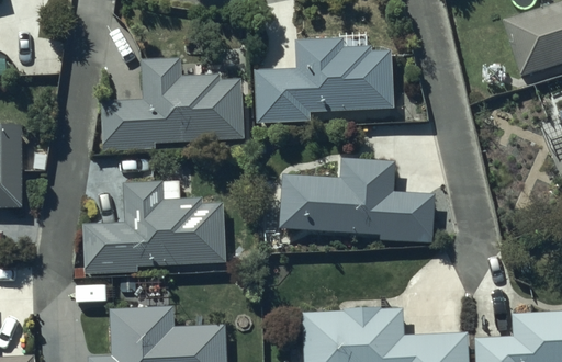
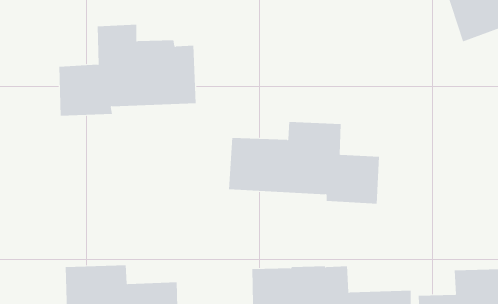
building: [255,37,393,123] -> none
building: [85,180,226,274] -> none

